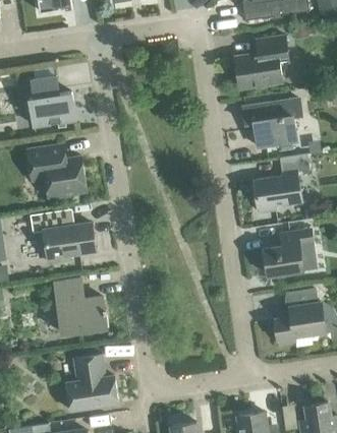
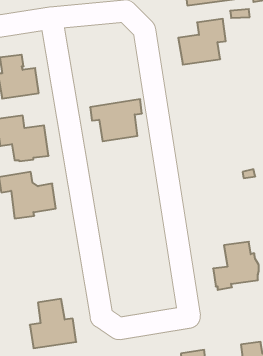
building: [242,99,301,146] -> [90,99,142,141]
building: [252,153,310,212] -> none
building: [264,230,313,275] -> none
building: [54,280,107,333] -> none

